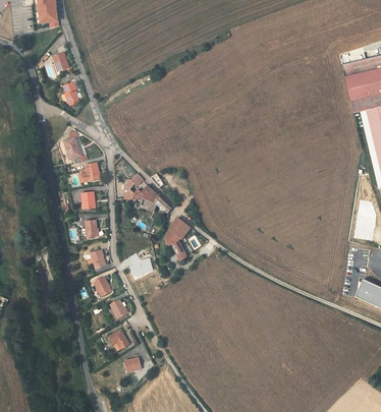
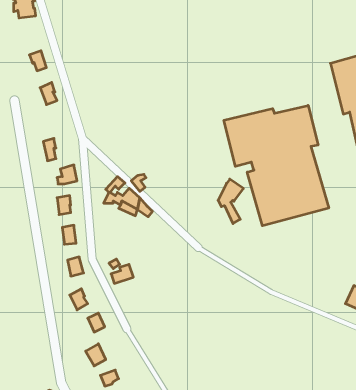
building: none -> [224,105,329,226]
building: [166,218,191,260] -> [218,179,243,224]

